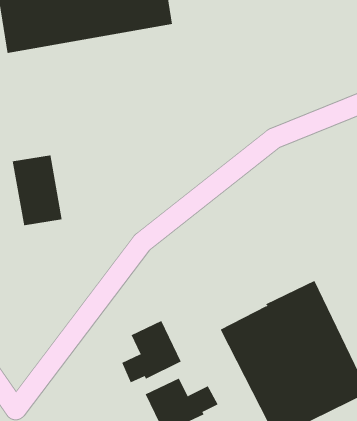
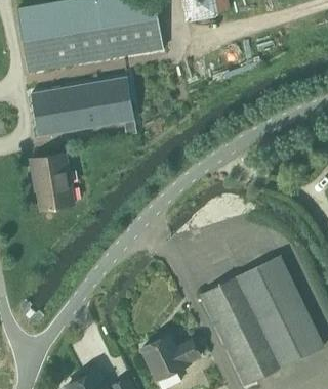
building: none -> [31,77,133,136]
building: [121,320,182,383] -> none

